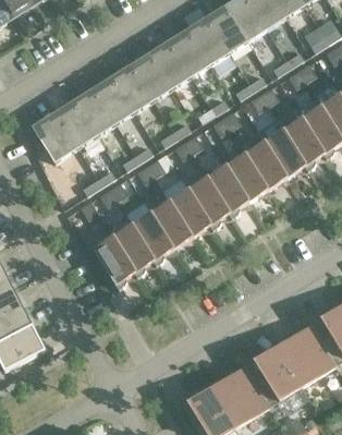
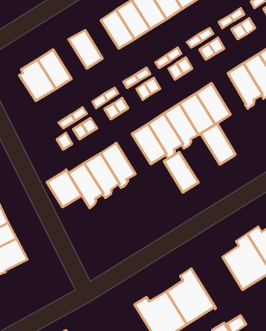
building: [113,64,154,110] -> none
building: [75,87,115,134] -> none
building: [264,128,305,177] -> [201,123,235,165]
building: [150,200,192,247] -> [164,152,198,192]
building: none -> [47,170,82,207]
building: [240,346,301,407] -> none

